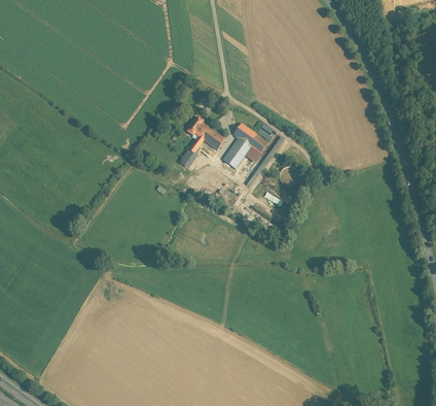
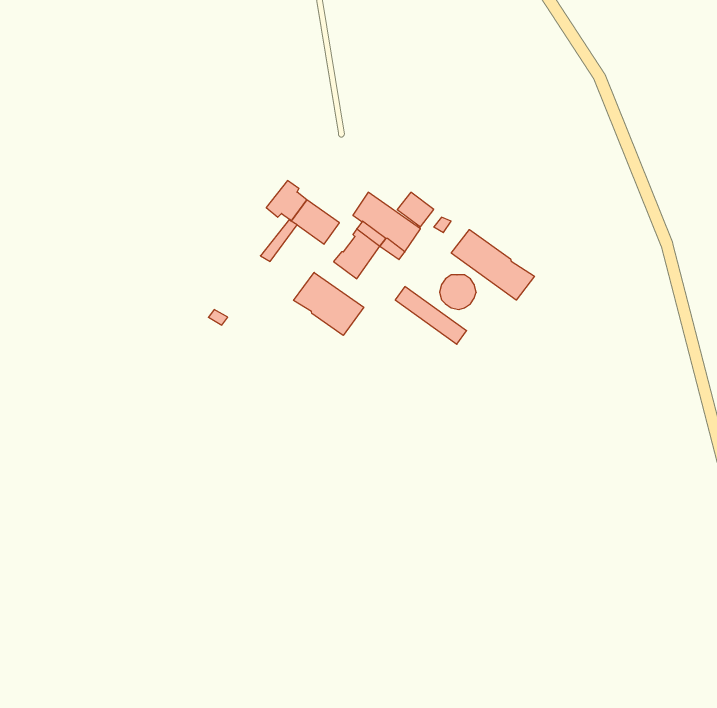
building: none -> [451,230,534,300]
building: none -> [294,272,364,335]

